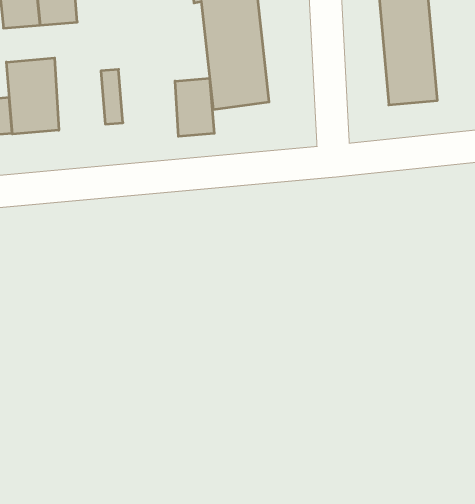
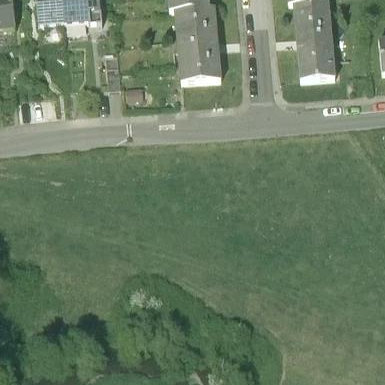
building: [6,58,59,134] -> none
building: [175,78,214,136] -> none

